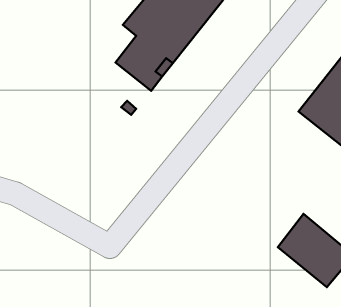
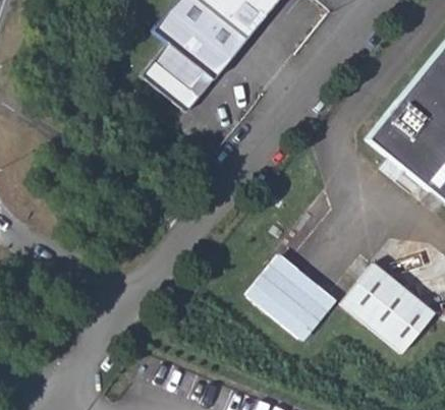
building: none -> [259,261,337,337]

